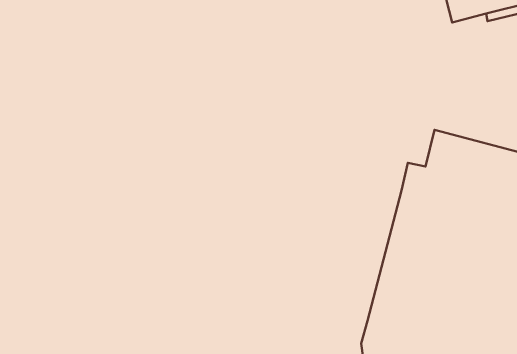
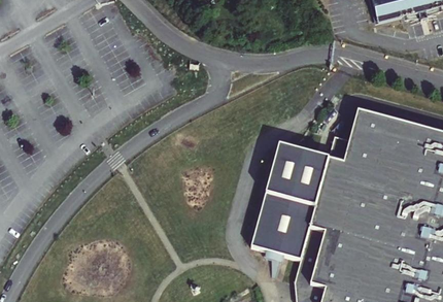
building: none -> [250,144,335,265]

